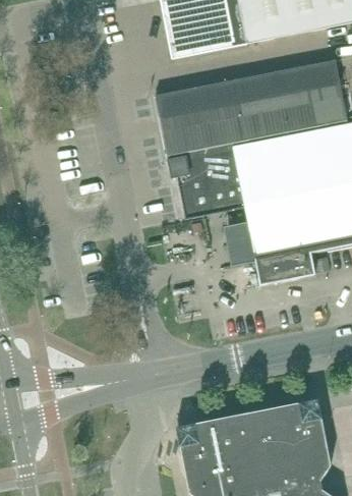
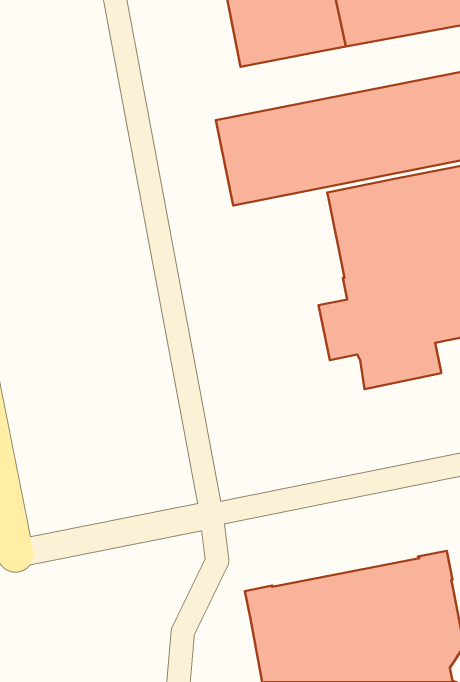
building: [167,150,245,218] -> none

